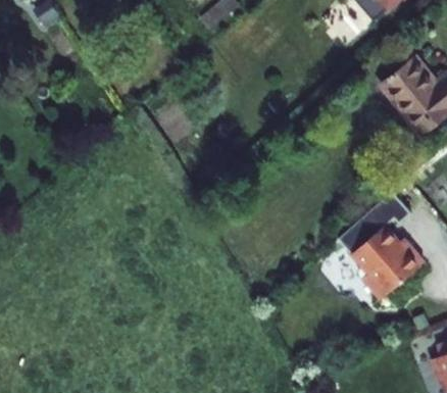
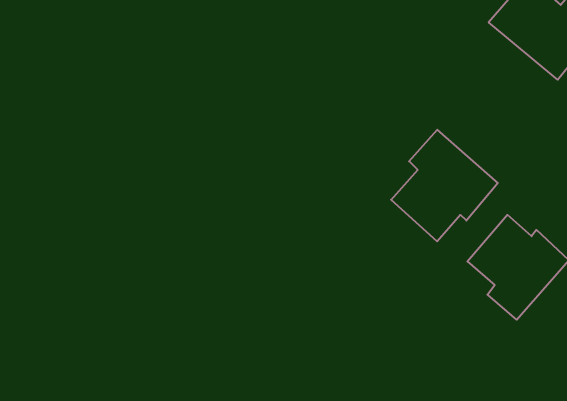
building: none -> [391,130,498,241]

